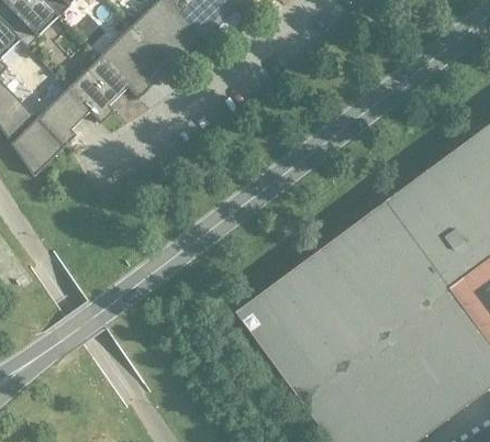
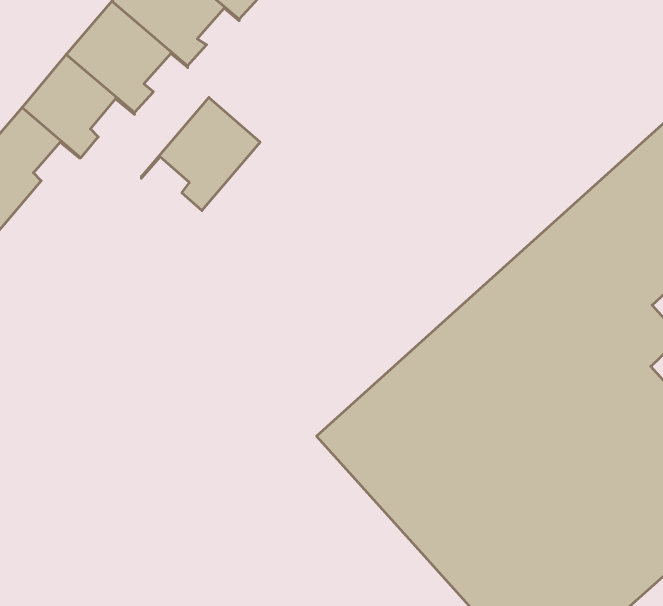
building: none -> [141,97,260,211]

